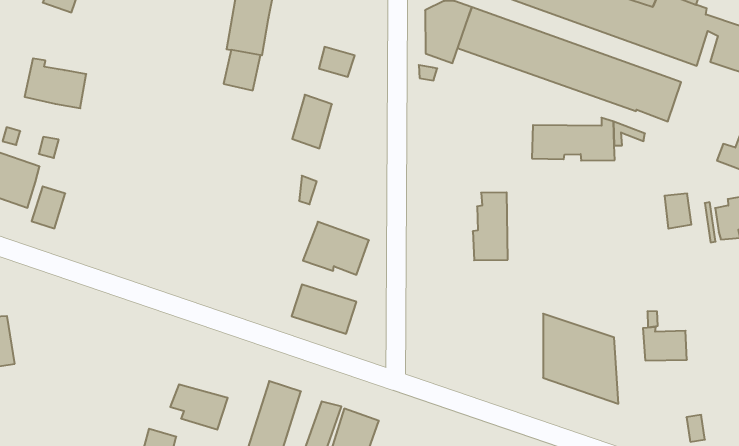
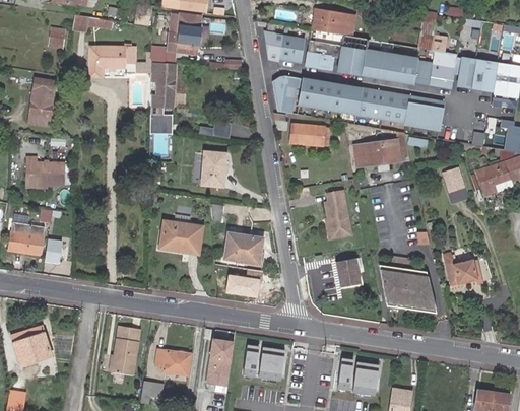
building: none -> [288,125,327,145]
building: none -> [157,210,204,253]
building: none -> [336,258,363,287]
building: none -> [112,326,137,374]

